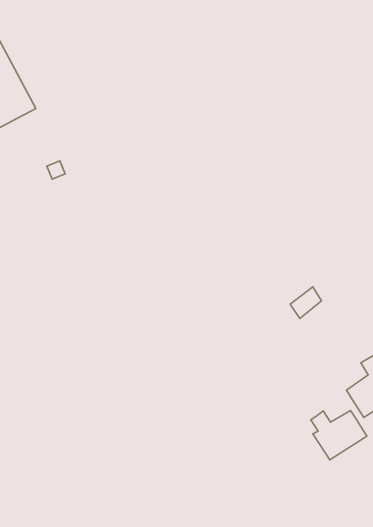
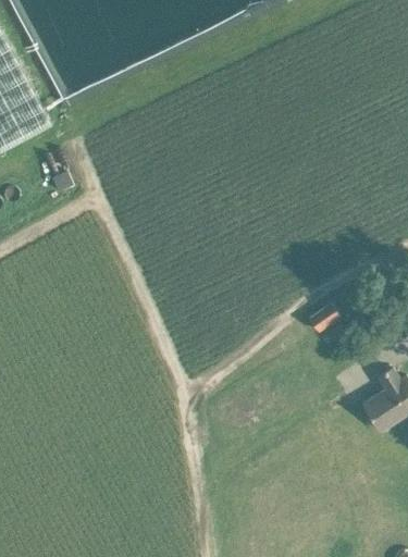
building: [311,411,367,460] -> none

